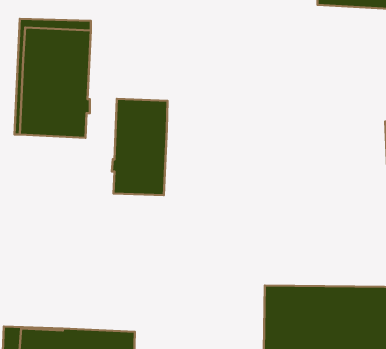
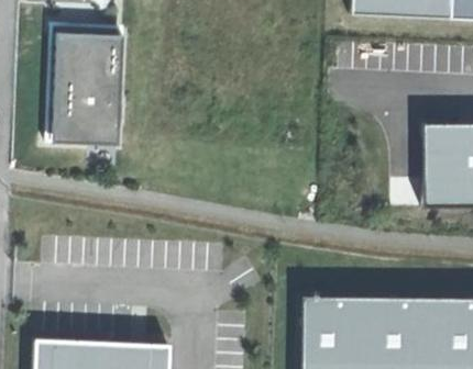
building: [112,99,167,195] -> none

